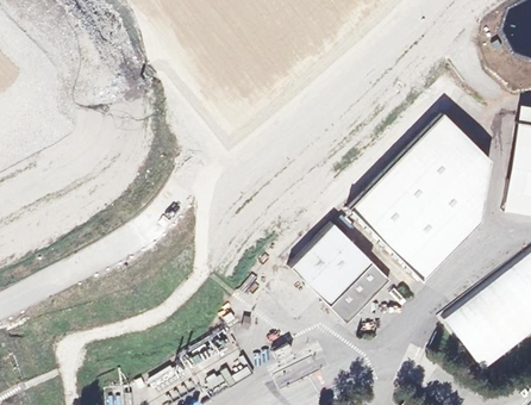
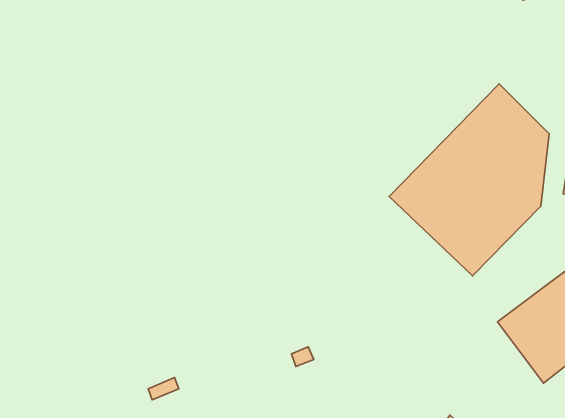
building: [291,219,389,320] -> none

